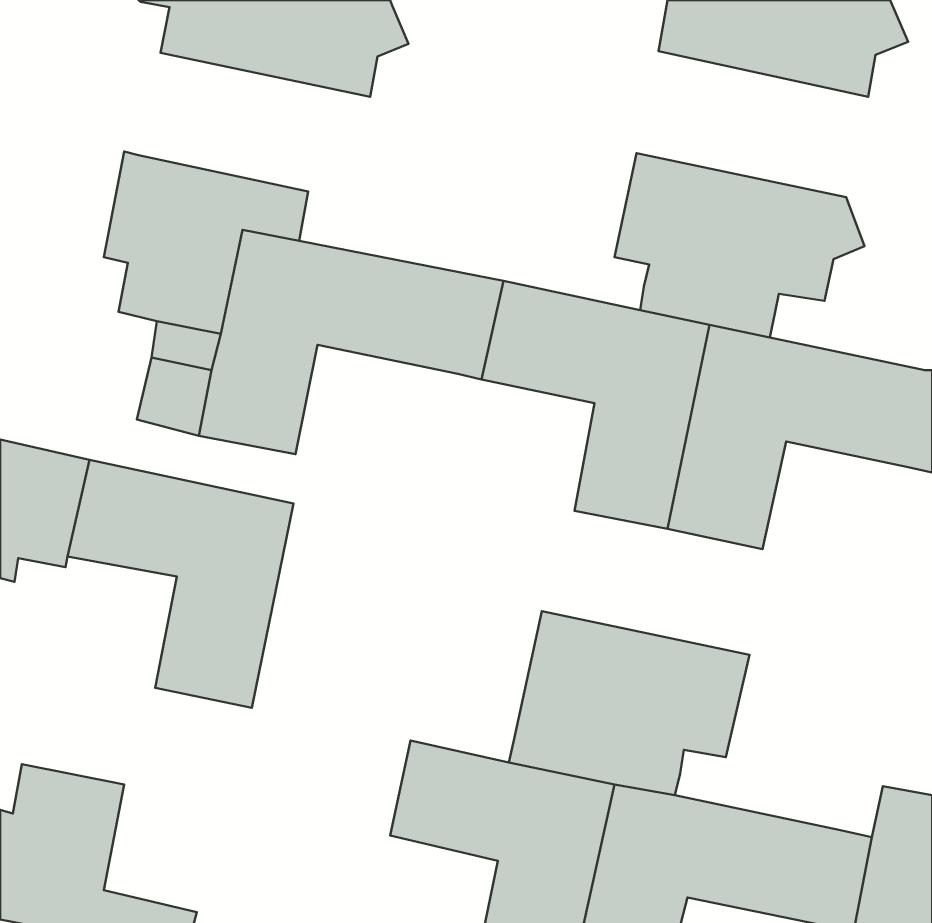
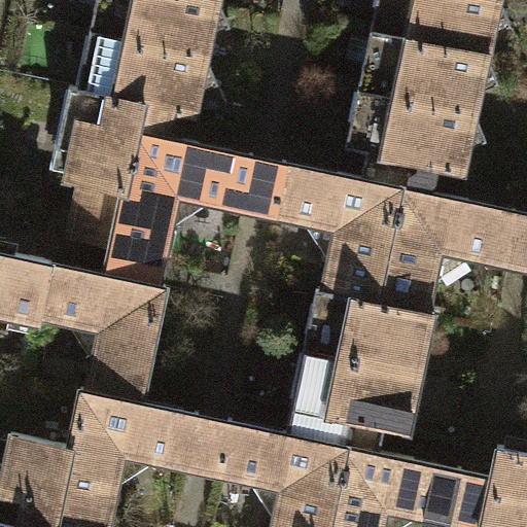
building: none -> [348,34,499,116]
building: none -> [78,35,218,117]
building: none -> [306,292,435,375]
building: none -> [59,392,232,520]

